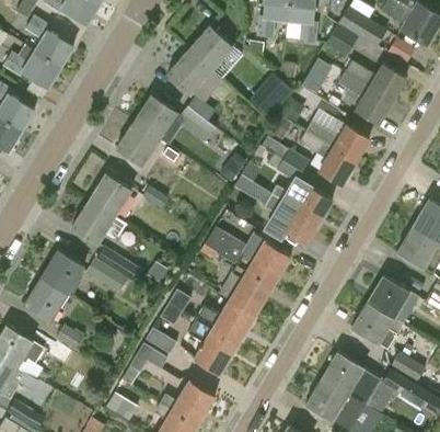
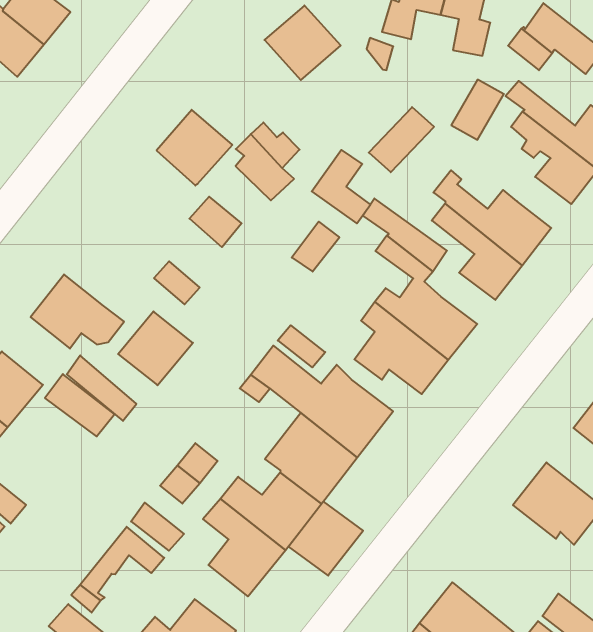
building: [167,49,212,95] -> none
building: [116,122,159,166] -> none
building: [233,160,268,202] -> [312,150,370,223]
building: [89,173,131,216] -> [118,311,193,385]
building: [350,303,395,351] -> none
building: none -> [288,502,363,576]

